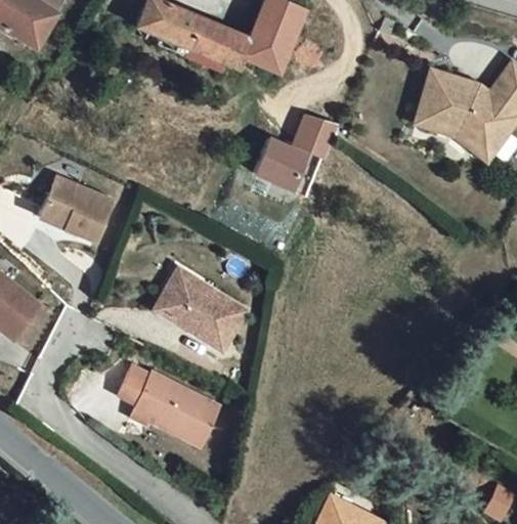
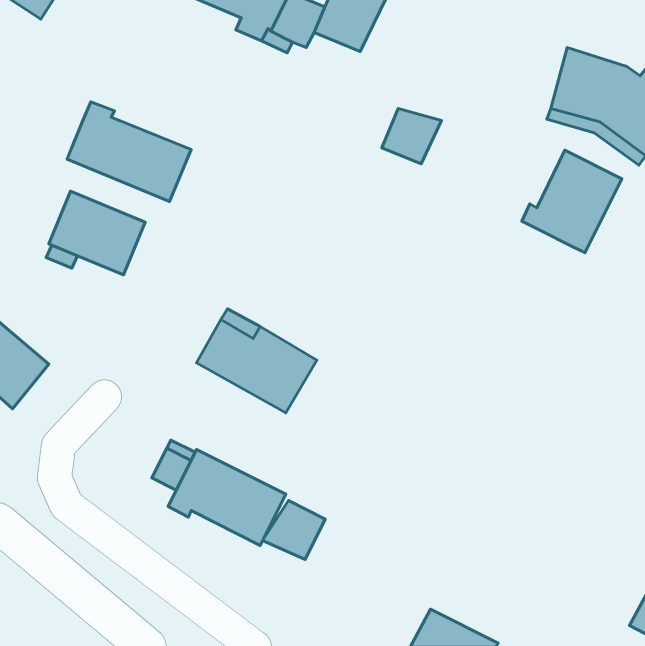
building: none -> [67,102,191,201]
building: [255,140,307,190] -> none
building: none -> [522,150,622,253]
building: none -> [263,501,325,559]

